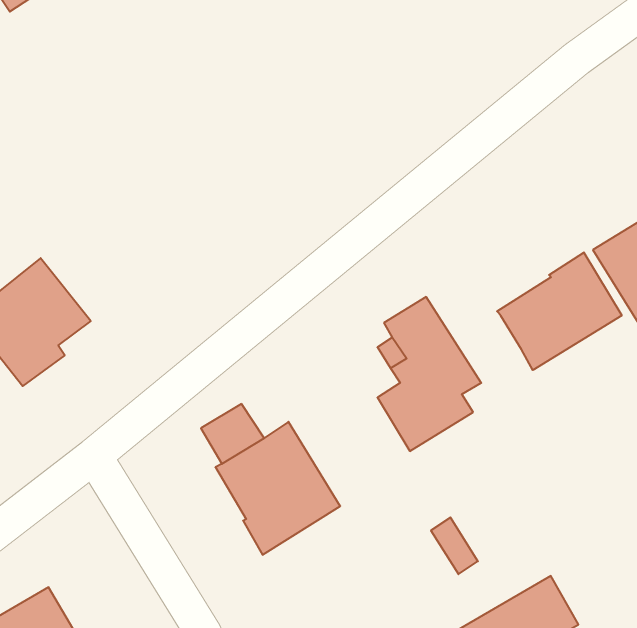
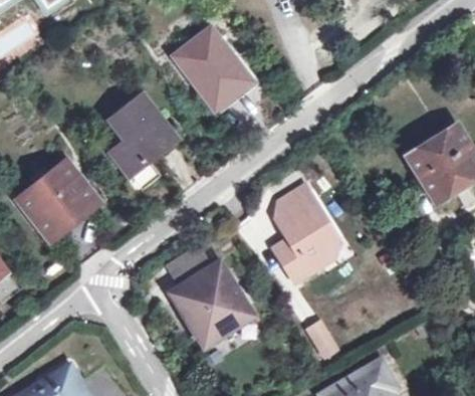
building: none -> [174,29,249,111]
building: none -> [111,98,175,177]
building: [497,252,622,370] -> none

